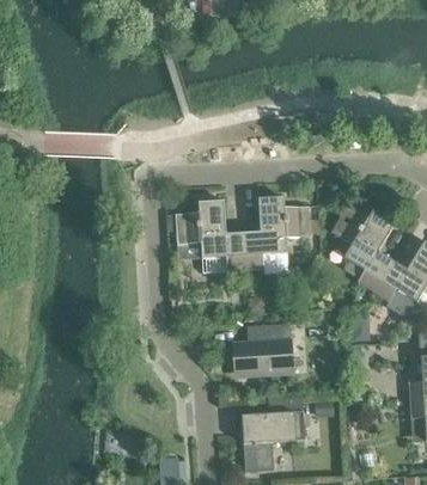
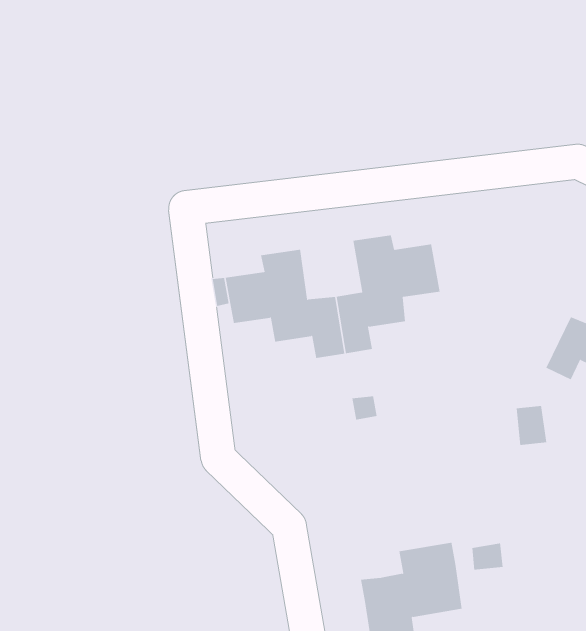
building: [330,205,395,291] -> none
building: [237,324,292,375] -> none

